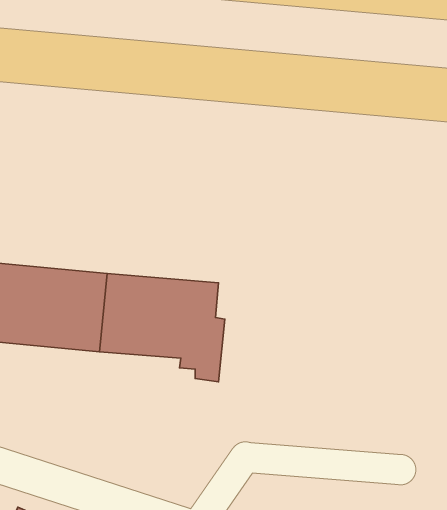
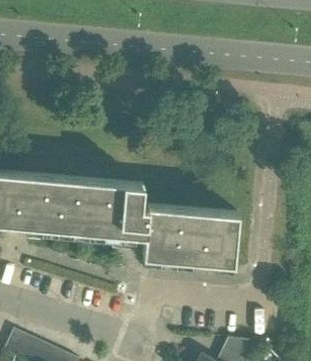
building: none -> [143,206,237,265]

